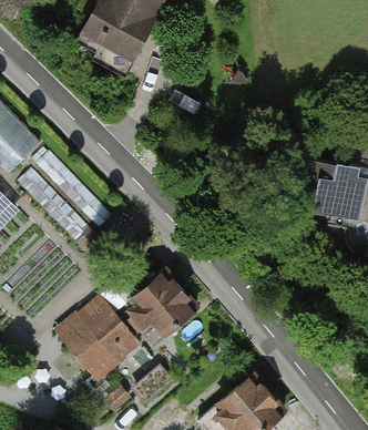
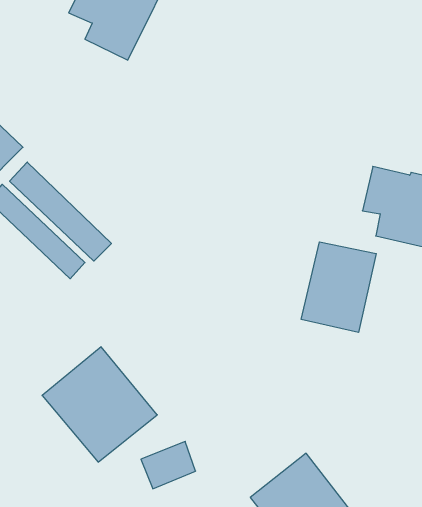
building: none -> [301,242,376,332]
building: [130,266,203,340] -> none

